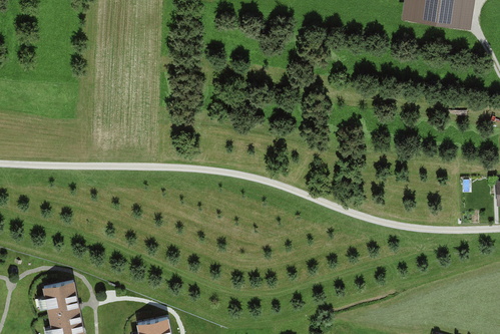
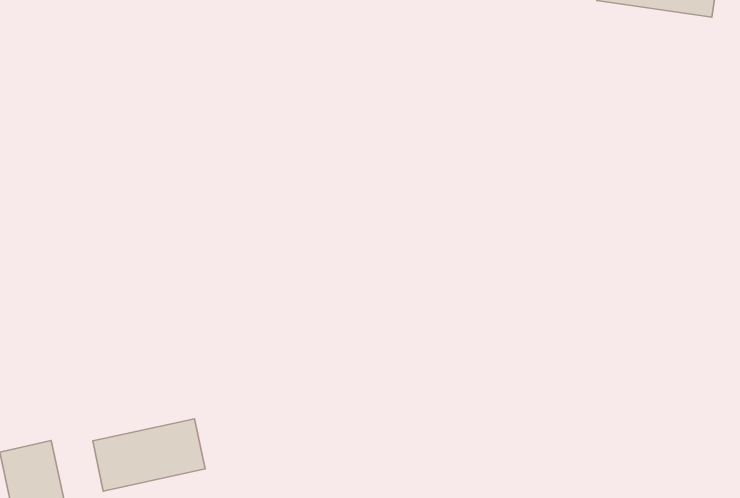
building: none -> [93,419,205,491]

